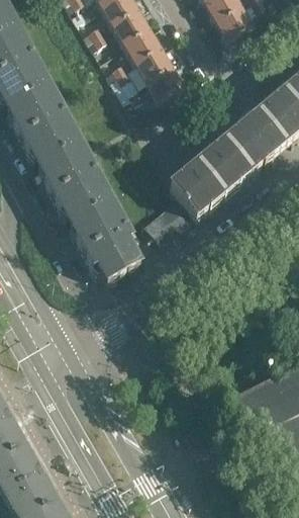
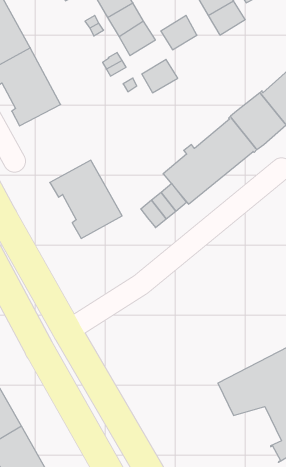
building: [135,42,173,78] -> [161,15,197,50]
building: [21,109,95,190] -> none
building: [85,225,139,277] -> none

